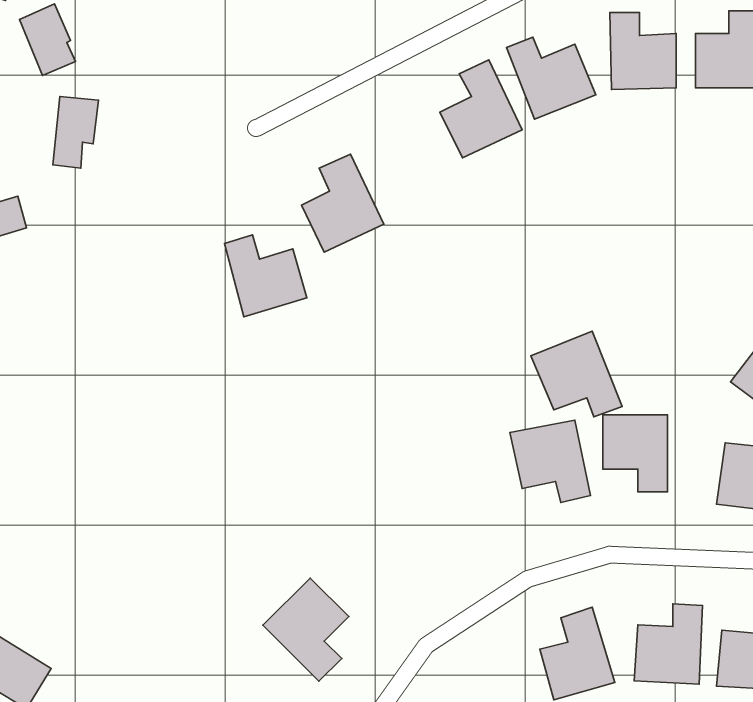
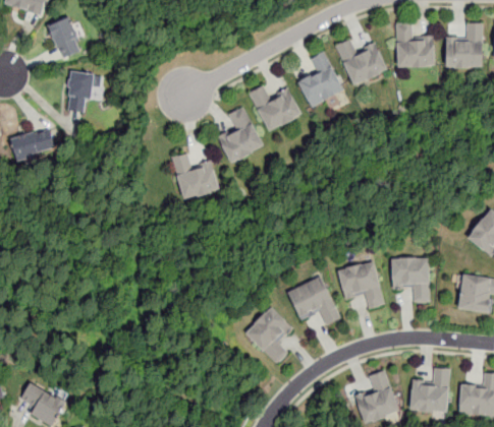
building: none -> [249,84,301,132]
building: [531,331,622,417] -> [287,276,340,325]
building: [263,578,349,681] -> [243,305,293,365]

